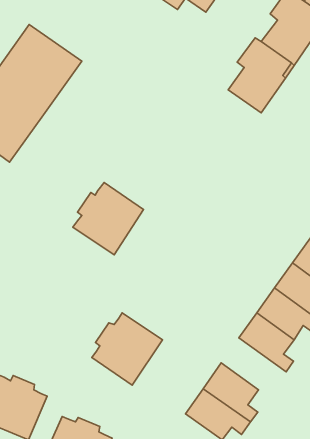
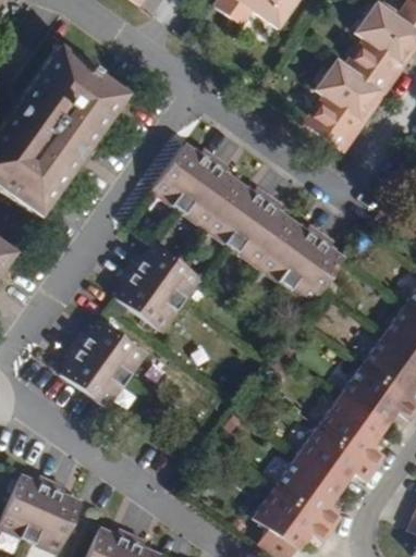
building: none -> [149,139,342,306]
building: [92,313,162,385] -> [61,314,147,403]
building: none -> [295,426,375,490]

